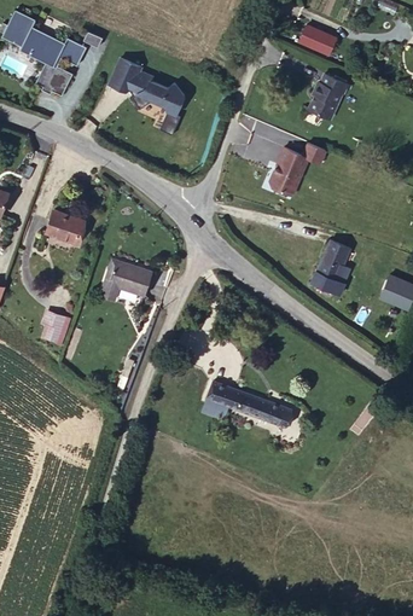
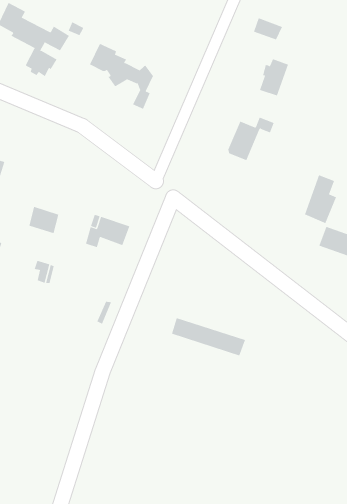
building: [48,210,85,243] -> [28,206,59,234]
building: [312,239,350,297] -> [304,175,337,224]

